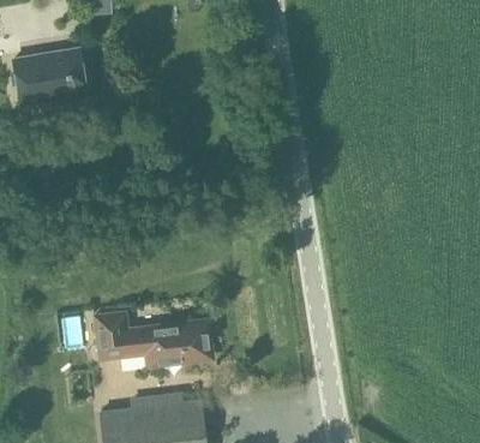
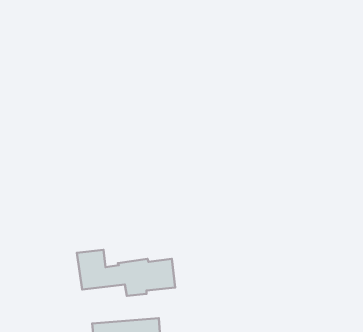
building: [17,47,91,104] -> none

